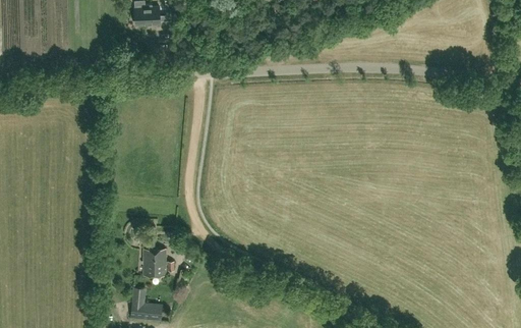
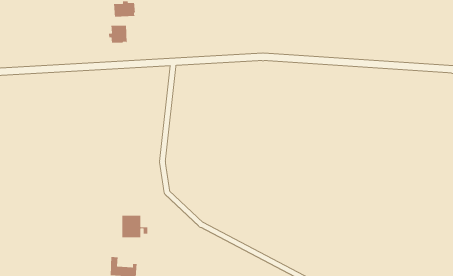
building: none -> [108,25,128,43]

